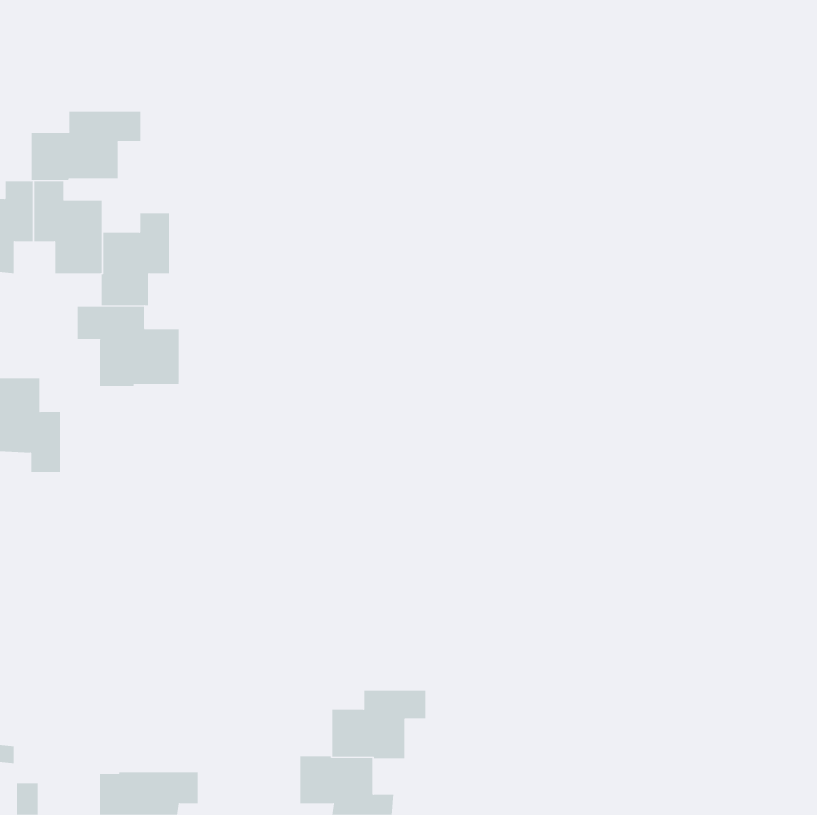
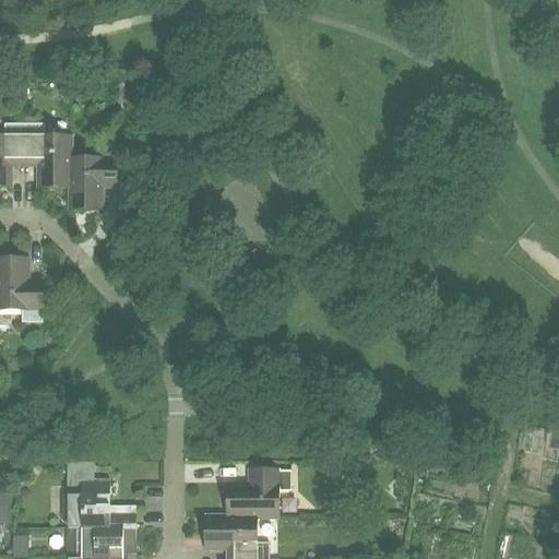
building: [31,111,141,181] -> none
building: [77,306,179,387] -> none
building: none -> [68,479,135,527]

